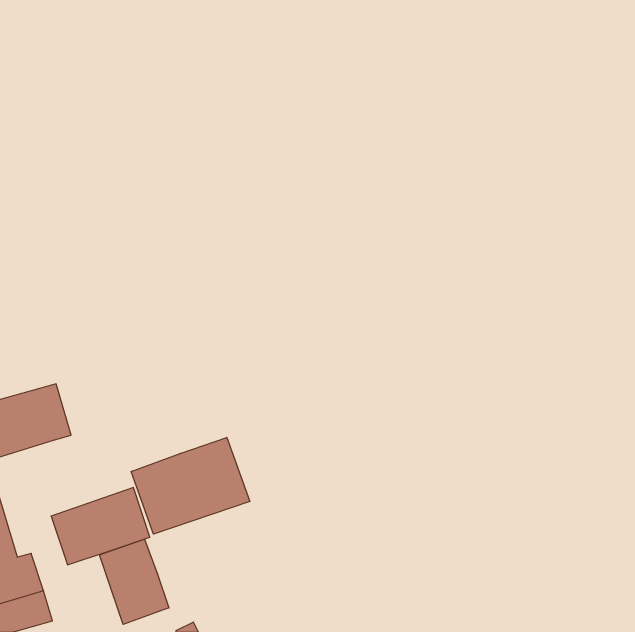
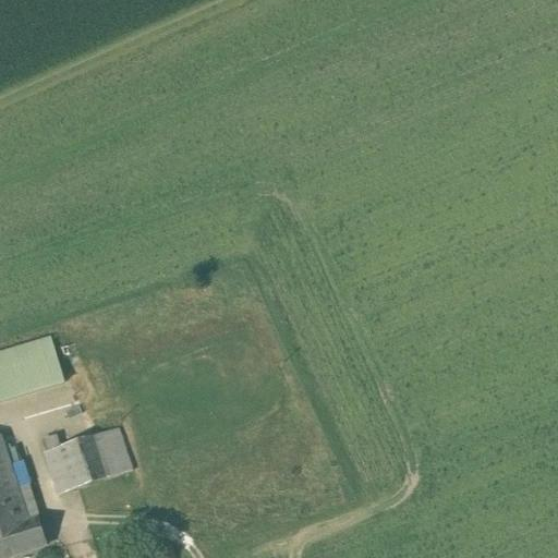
building: [131,437,250,534] -> none
building: [100,539,169,624] -> none

